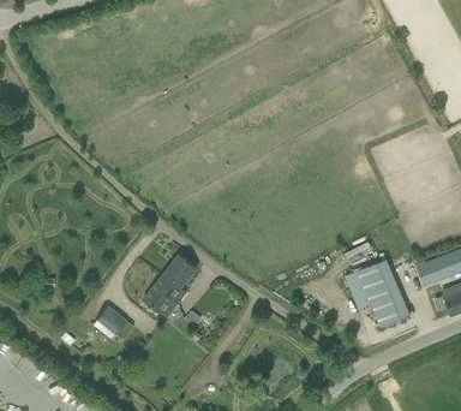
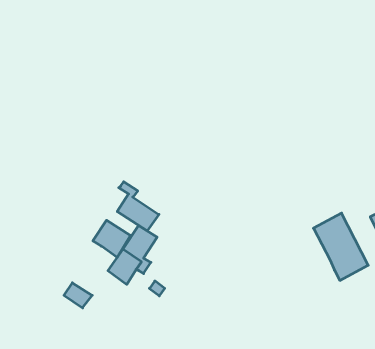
building: none -> [117,182,159,231]
building: none -> [93,220,130,257]

